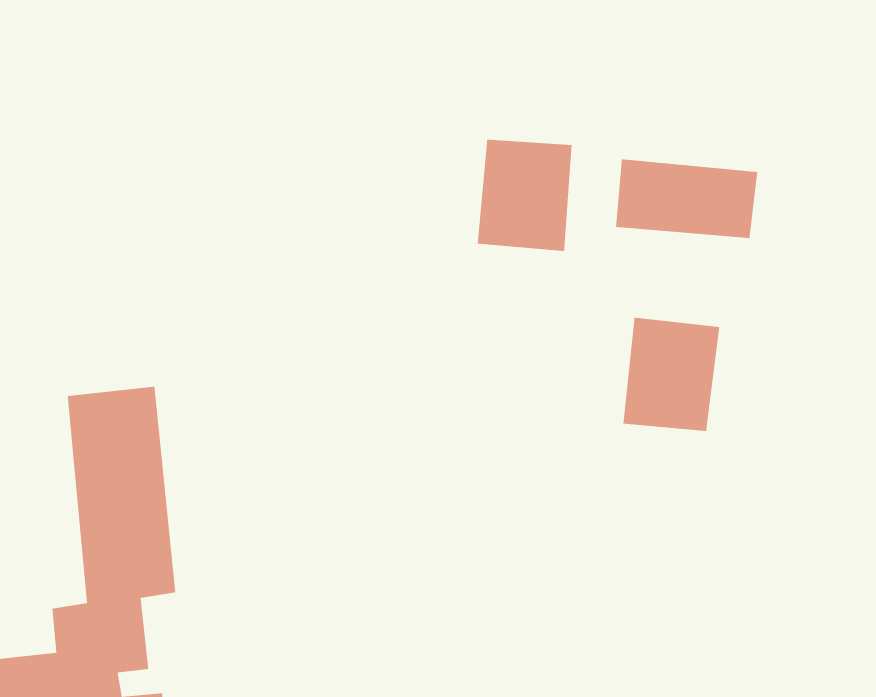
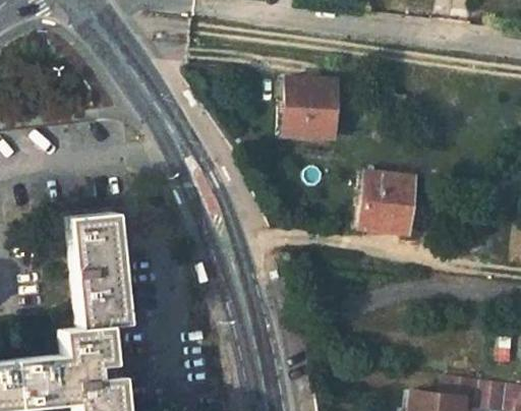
building: [615,158,758,239] -> none

